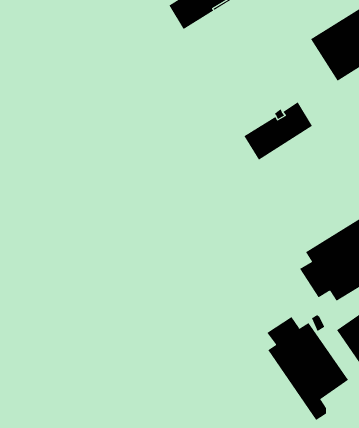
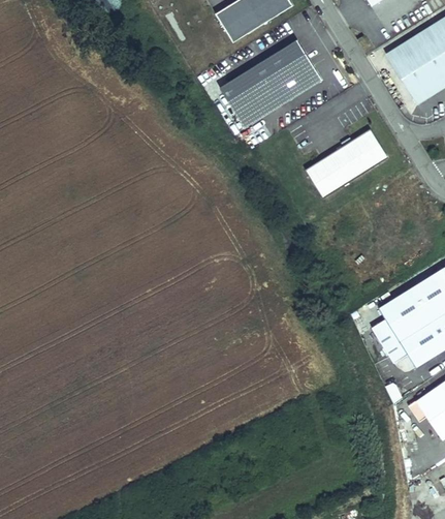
building: none -> [219,39,321,128]
building: [267,316,349,421] -> none

